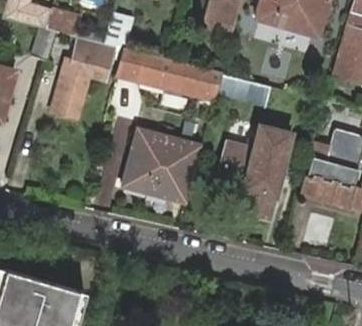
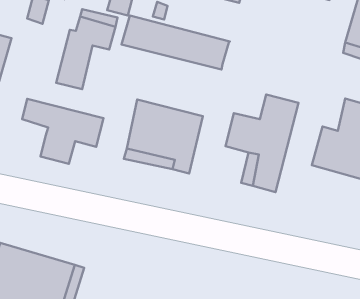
building: [216,74,271,108] -> none
building: none -> [22,99,103,164]

